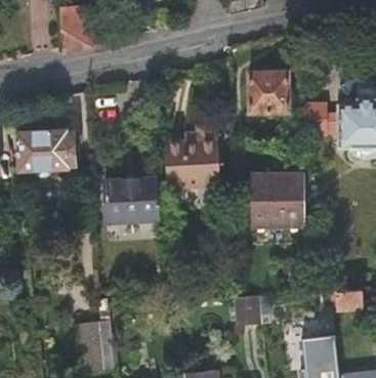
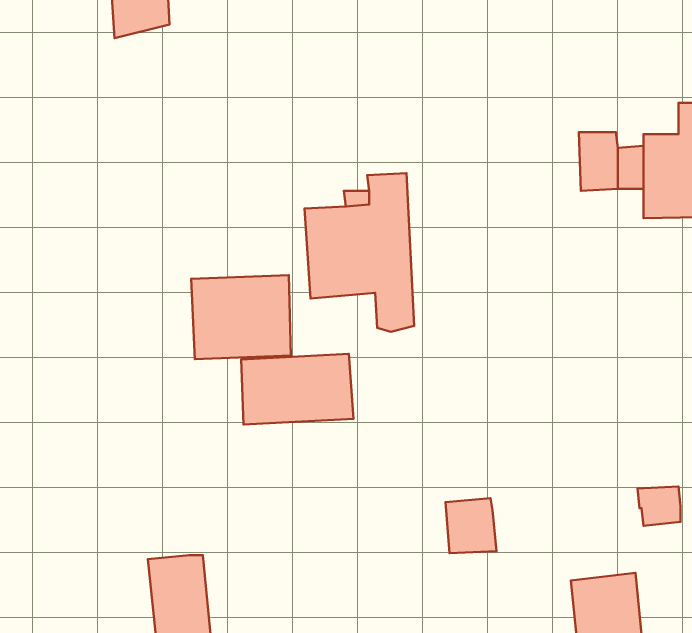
building: [248,71,288,112] -> none
building: [15,130,73,172] -> none
building: [253,173,308,228] -> none
building: none -> [241,354,354,424]

